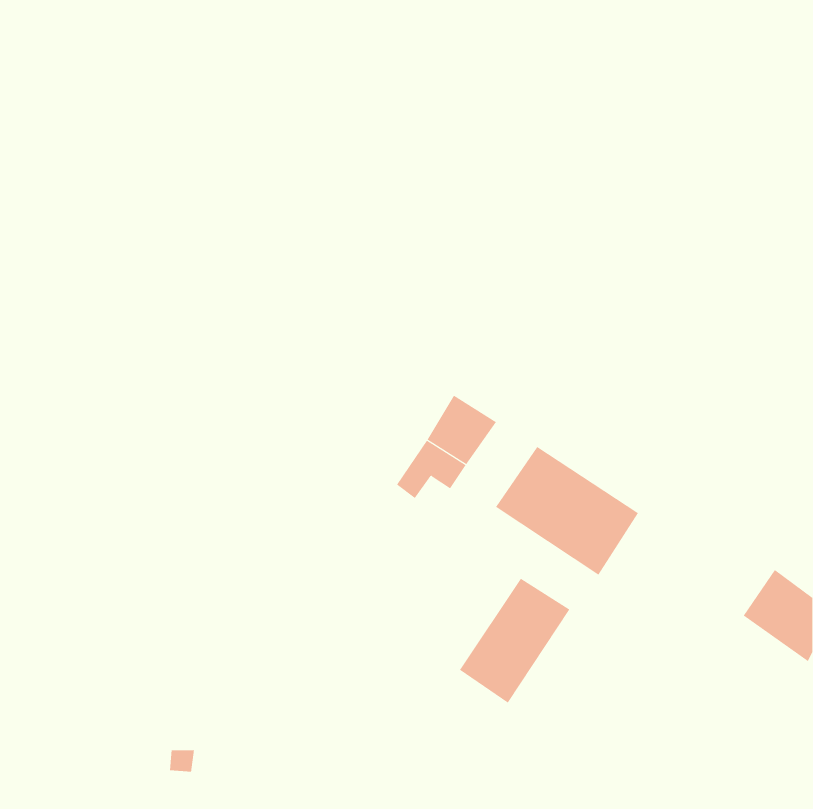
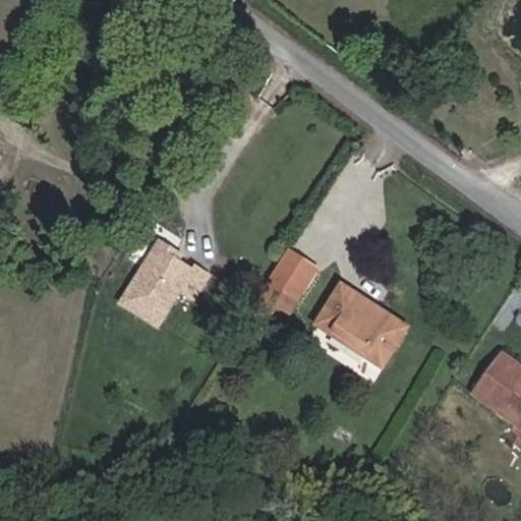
building: none -> [122,236,211,323]
building: [459,578,570,703] -> none

